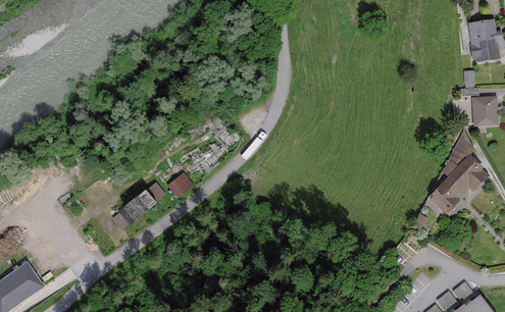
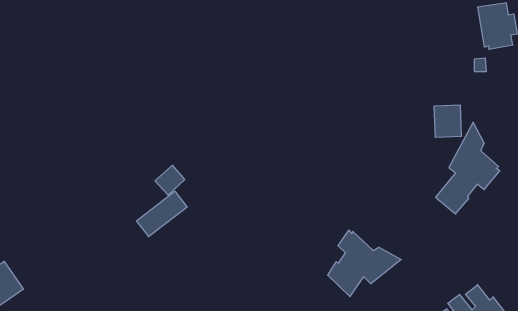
building: [471,97,497,126] -> [434,105,462,137]
building: [112,187,159,228] -> [136,191,187,237]
building: none -> [328,230,401,297]

